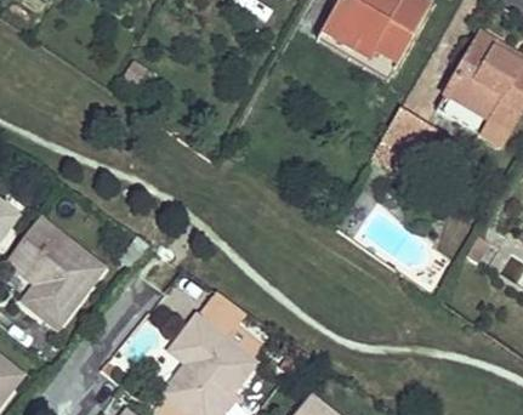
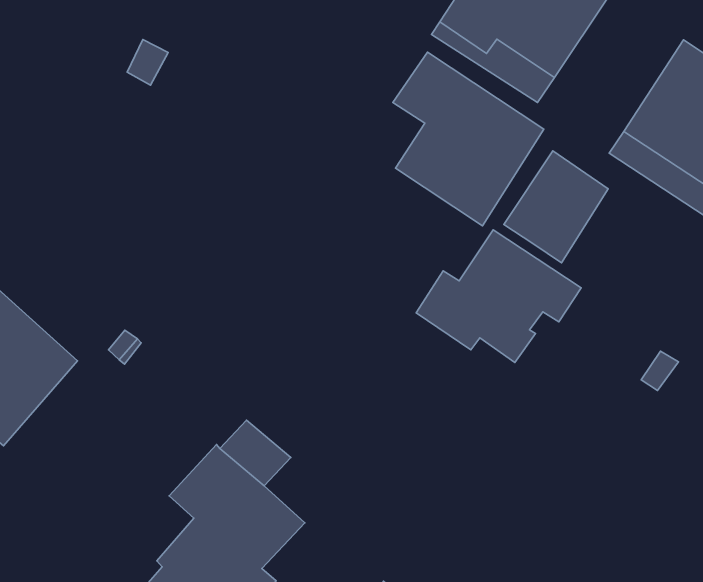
building: none -> [393,52,544,226]
building: none -> [416,230,581,362]

